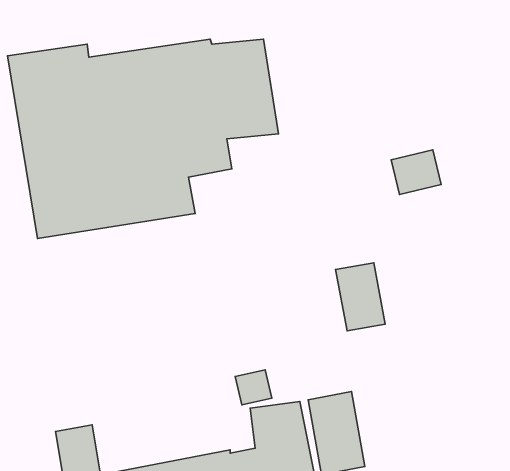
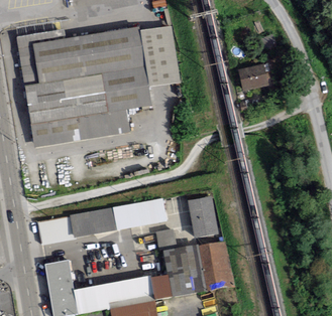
building: [391,150,441,195] -> [238,63,268,91]
building: [335,263,385,331] -> [188,196,218,238]
building: none -> [38,198,167,244]

